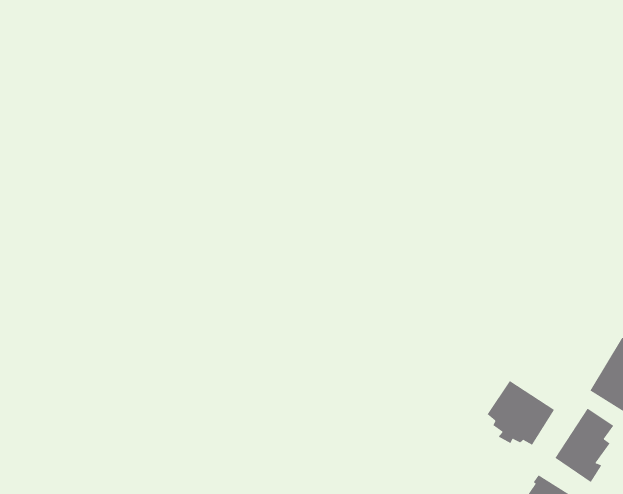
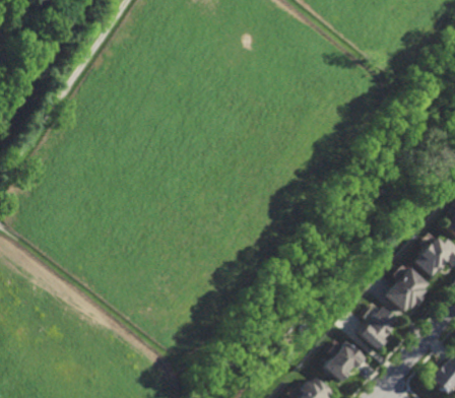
building: [487,380,555,445] -> none

